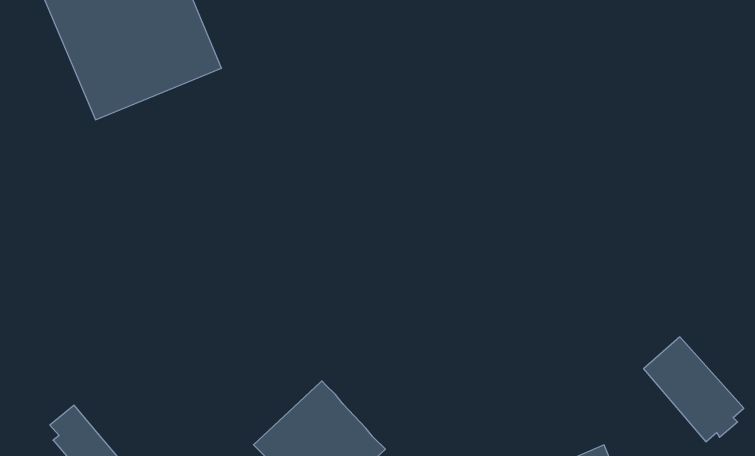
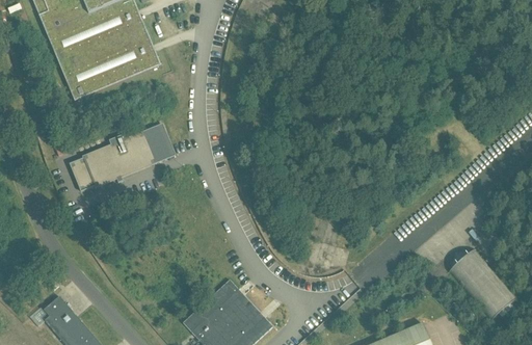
building: none -> [69,123,175,190]

